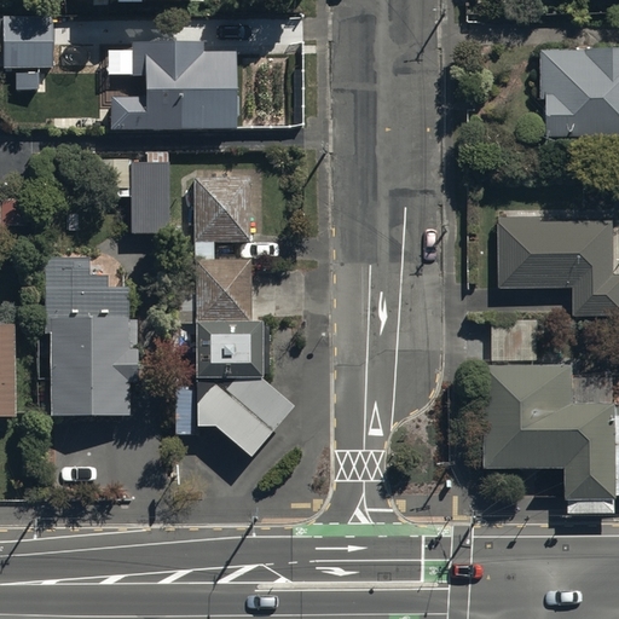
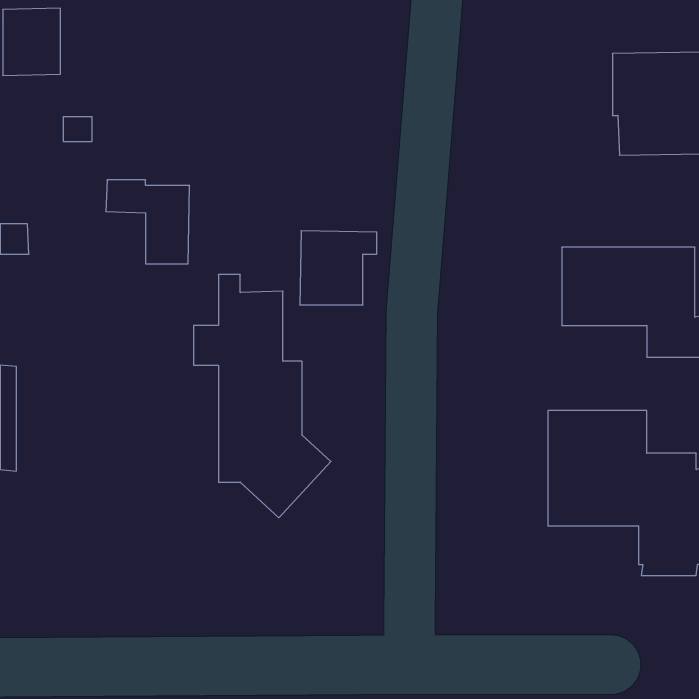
building: [110,40,236,129] -> none
building: [193,178,261,243] -> [300,231,377,305]
building: [44,256,138,413] -> none

